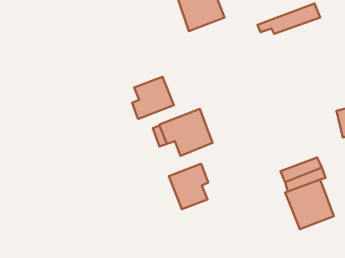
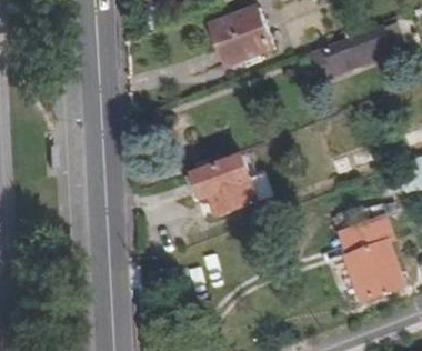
building: [132,77,174,119] -> none
building: [169,164,208,209] -> none

